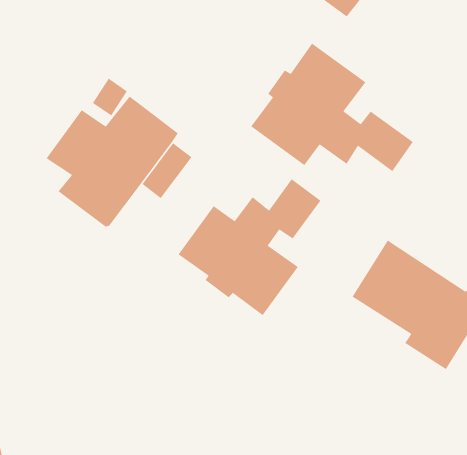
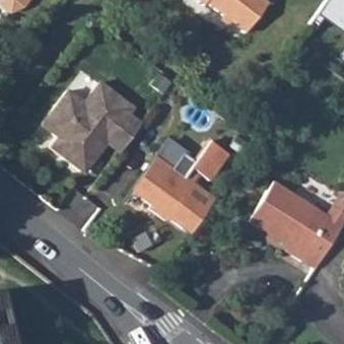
building: [250,42,414,172] -> none

